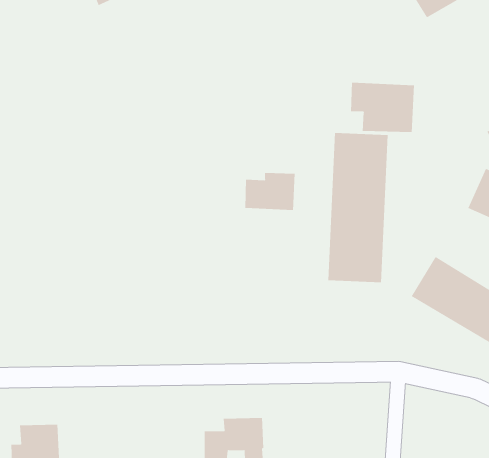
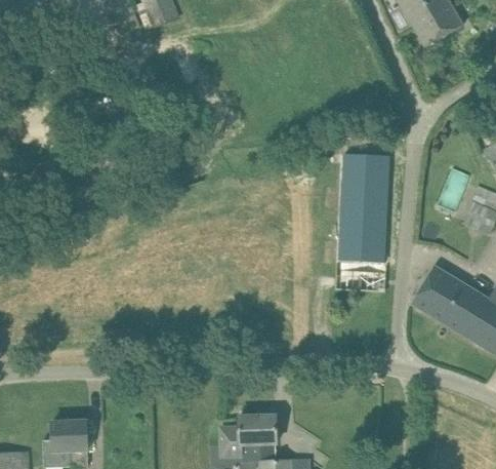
building: [350,82,414,133] -> none
building: [245,172,295,211] -> none

